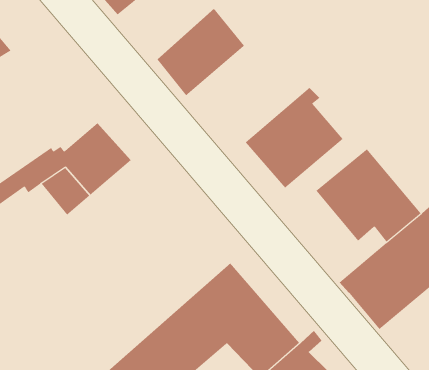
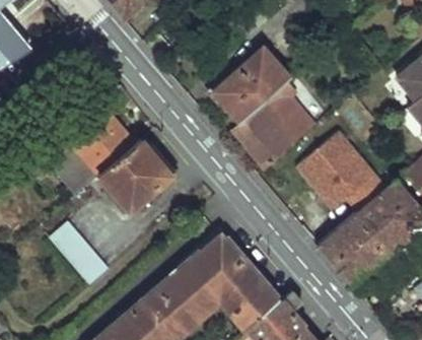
building: [157,8,245,96] -> [213,46,289,122]
building: none -> [98,142,160,206]
building: none -> [51,220,110,282]

